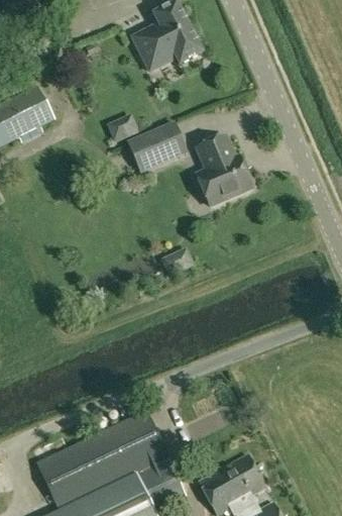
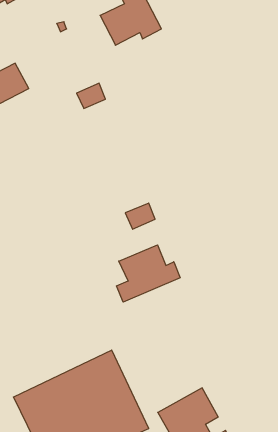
building: [127,122,186,172] -> none
building: [196,135,251,204] -> none
building: none -> [117,245,180,302]

